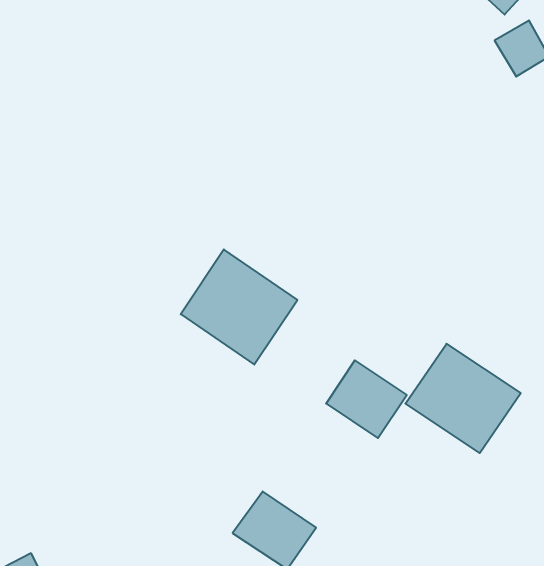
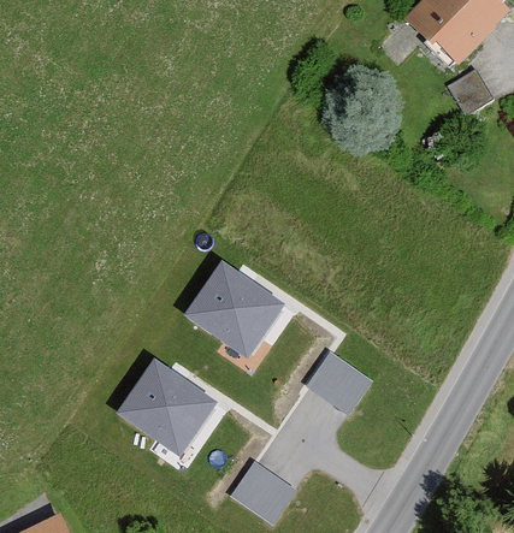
building: [405,344,521,453] -> none
building: none -> [120,361,214,451]

